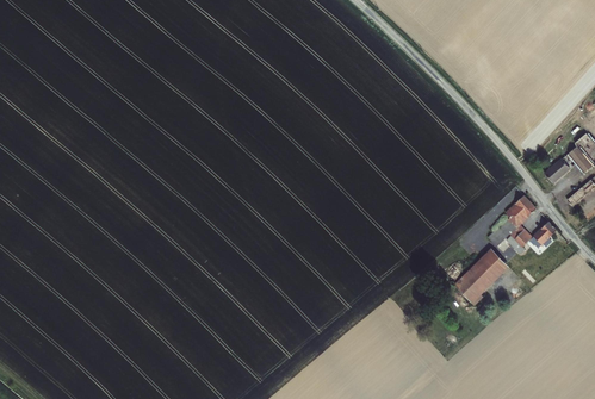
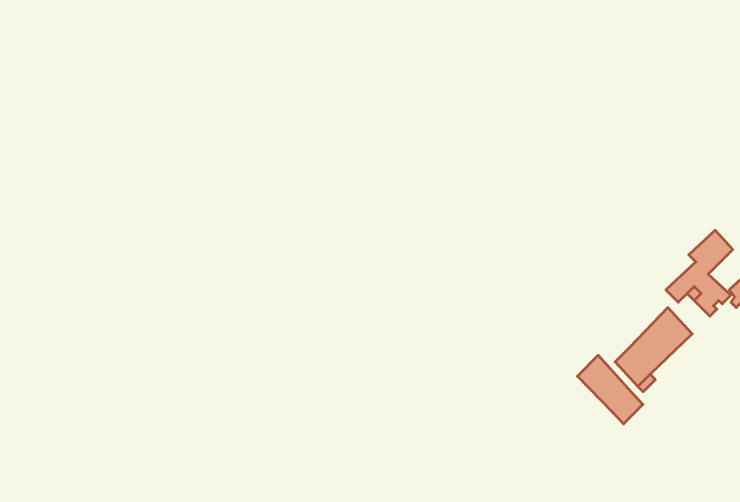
building: none -> [577,355,643,424]

